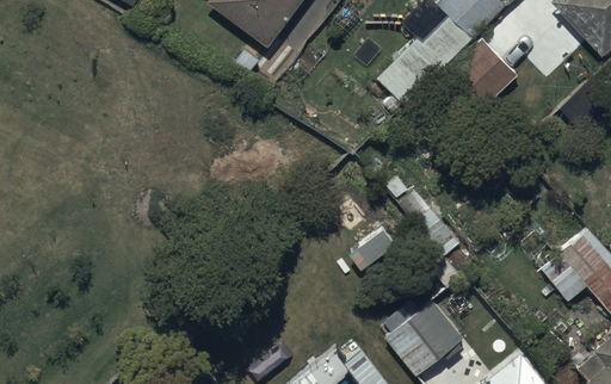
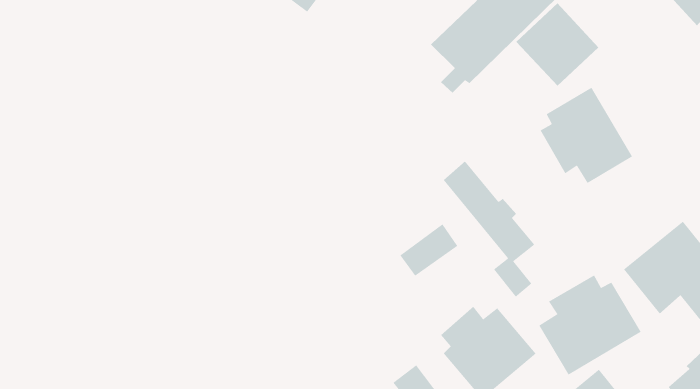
building: none -> [540,87,633,184]
building: none -> [539,275,641,376]

